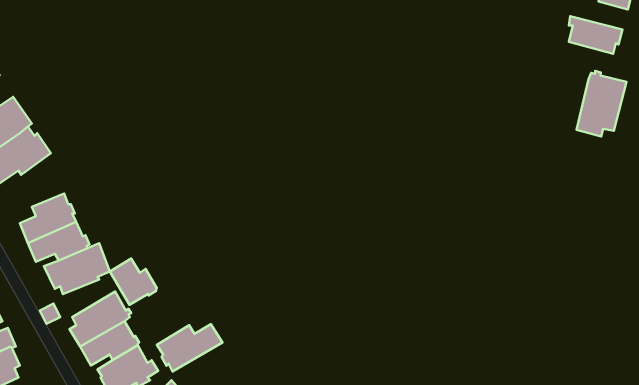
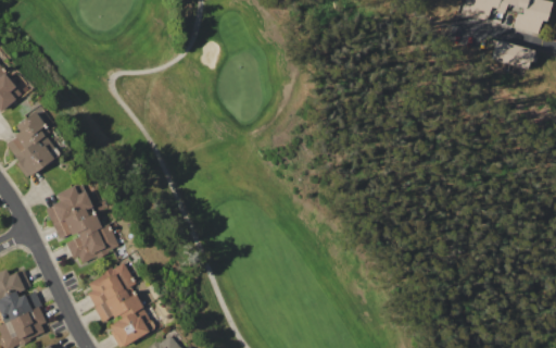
building: [577,71,627,136] -> none
building: [110,259,157,305] -> none
building: [157,324,223,371] -> none

